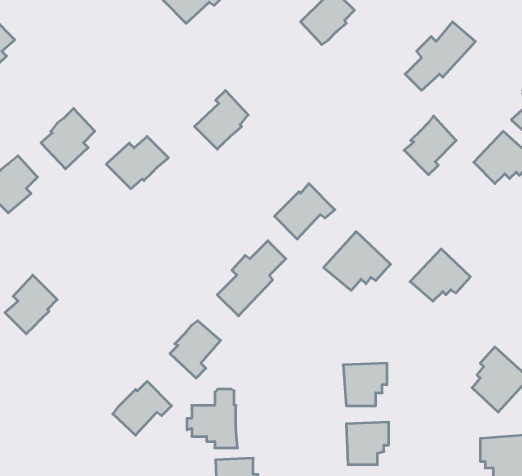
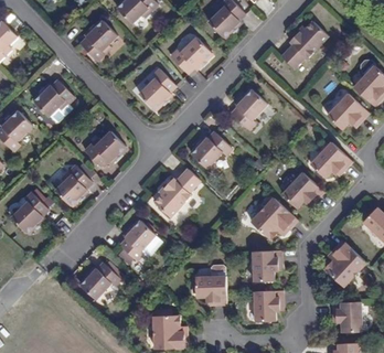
building: none -> [81,19,117,60]
building: none -> [171,36,212,74]
building: [404,116,456,175] -> [233,88,268,128]
building: [106,136,168,189] -> [77,137,119,172]
building: none -> [311,143,353,180]
building: [324,232,391,290] -> [253,200,298,239]
building: none -> [54,164,90,205]
building: [187,389,238,448] -> [192,266,226,306]

